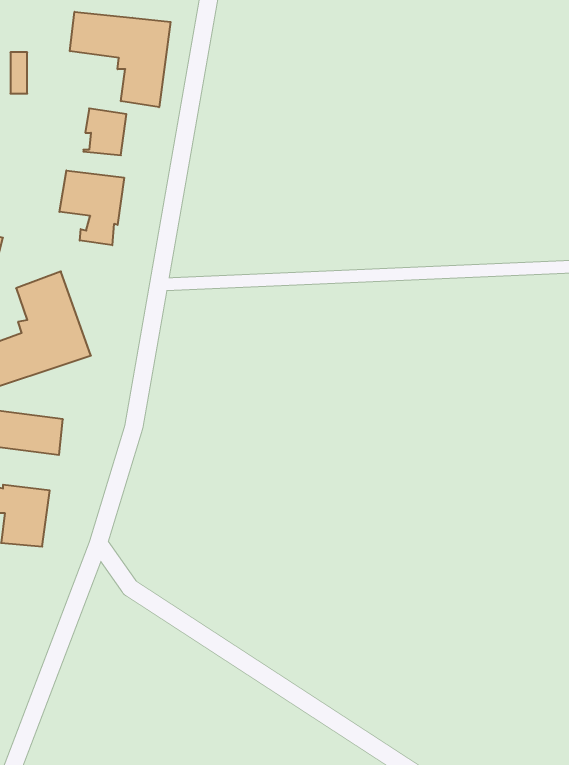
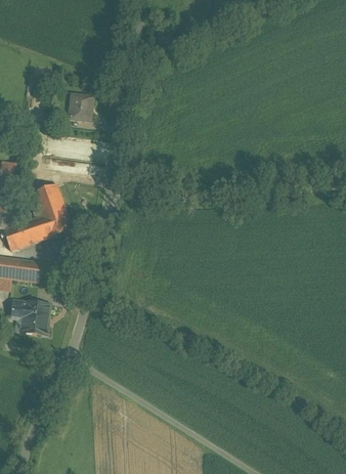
building: [70,12,171,107] -> none
building: [59,170,124,245] -> none

